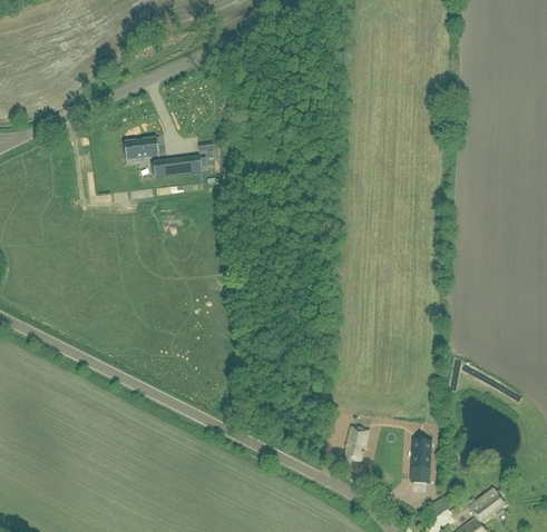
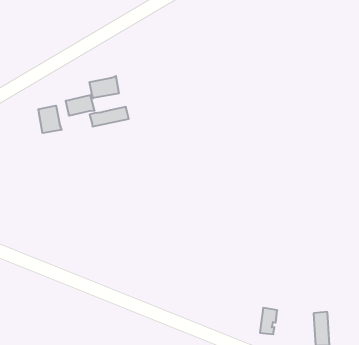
building: none -> [90,76,119,98]
building: none -> [38,106,62,133]

